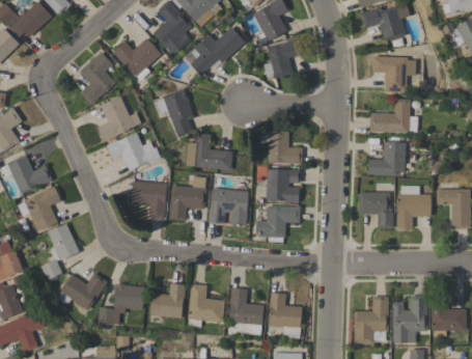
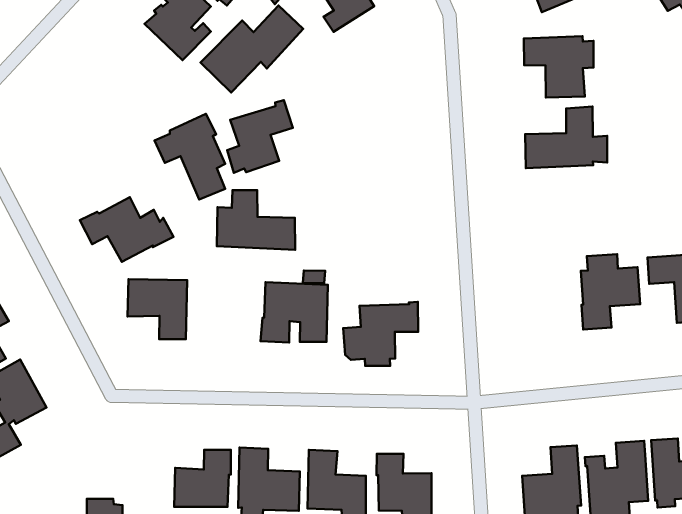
building: [112,37,161,83] -> none
building: [263,37,303,78] -> [227,100,293,173]
building: [79,51,115,105] -> none
building: [98,96,141,141] -> none
building: [269,131,302,165] -> none
building: [368,141,406,175] -> none
building: [267,169,300,202] -> none
building: [169,176,206,220] -> none
building: [359,192,393,228] -> none
building: [59,273,108,310] -> none
building: [113,284,145,312] -> none

